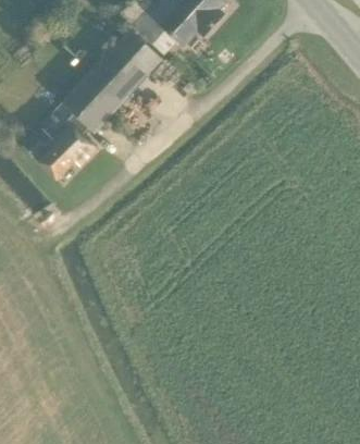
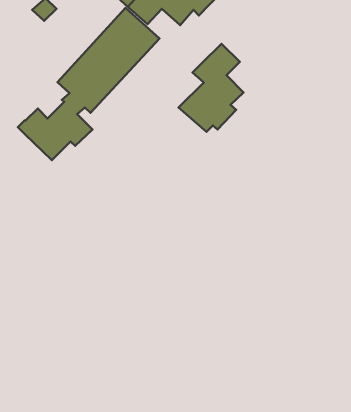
building: none -> [179,44,244,132]

